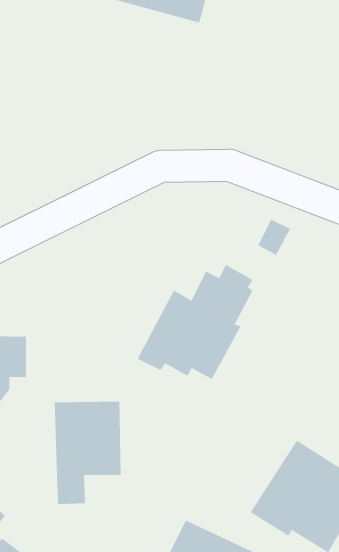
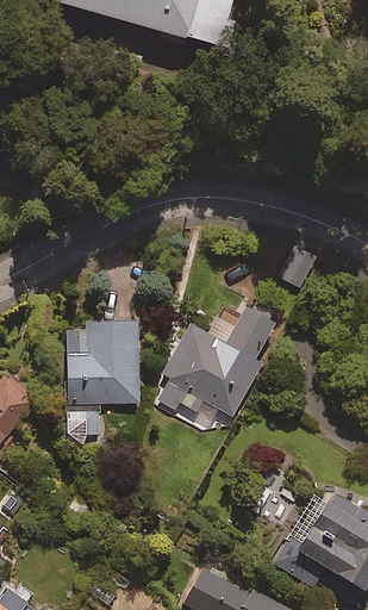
building: [54,401,121,505] -> [66,324,138,435]

